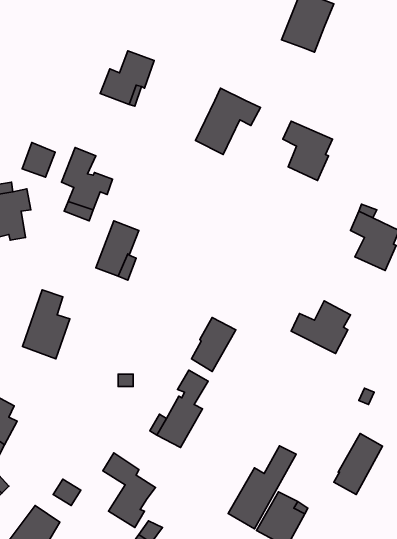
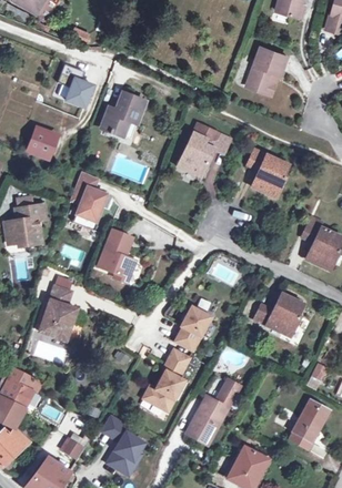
building: none -> [59,67,91,109]
building: [22,142,55,177] -> [28,129,54,156]
building: [228,446,296,529] -> [185,378,240,445]

